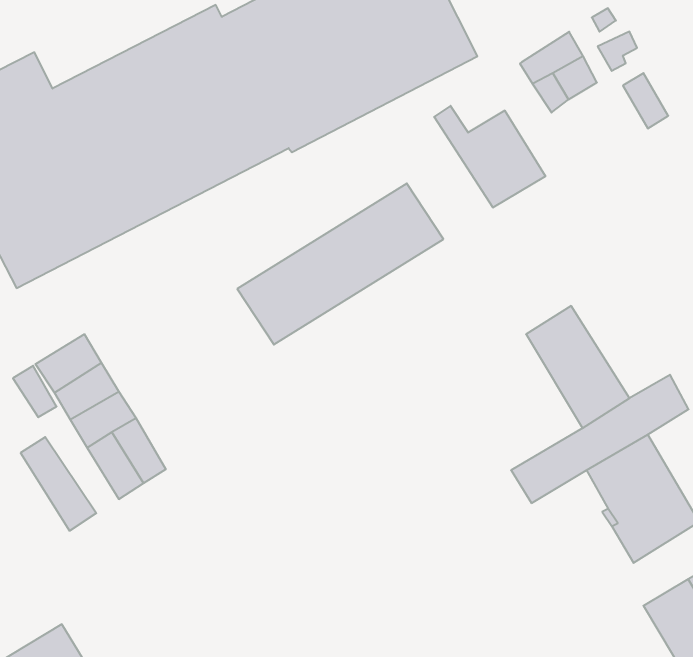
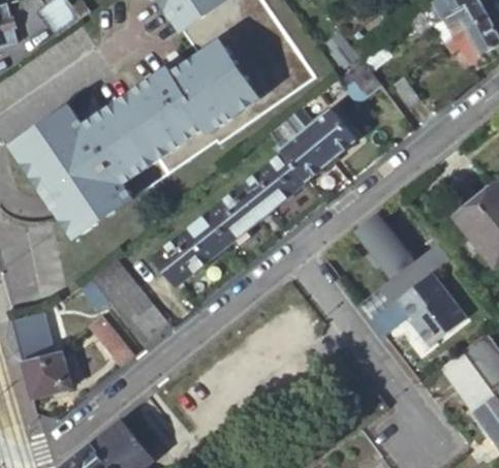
building: none -> [266,116,330,182]
building: none -> [154,223,219,286]

